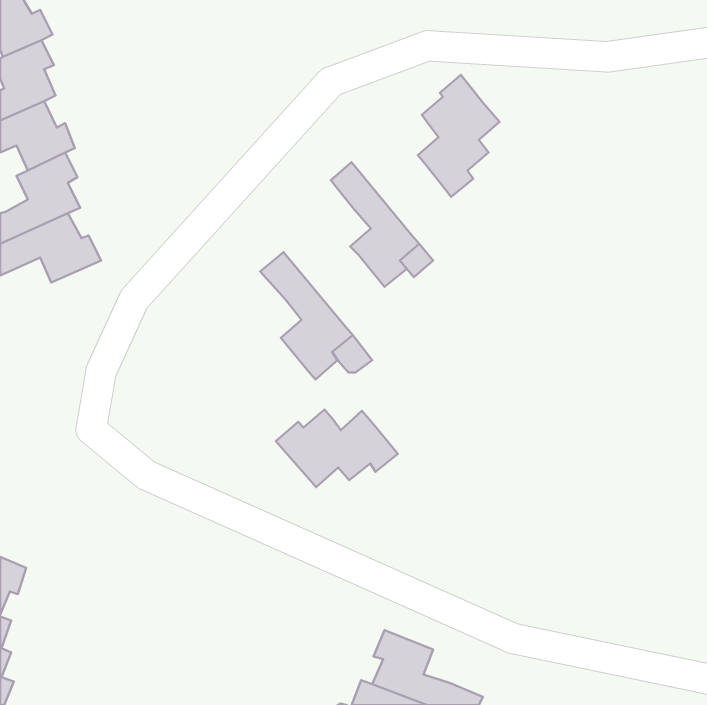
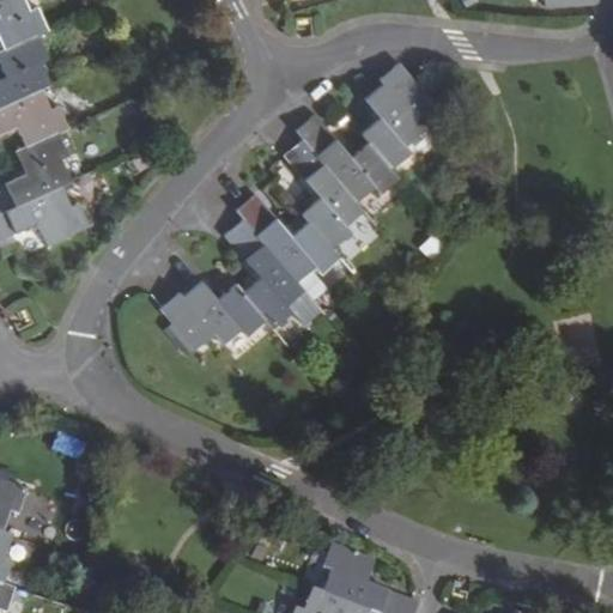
building: none -> [297,116,397,202]
building: none -> [237,193,339,281]
building: [276,409,398,487] -> [160,281,266,348]

